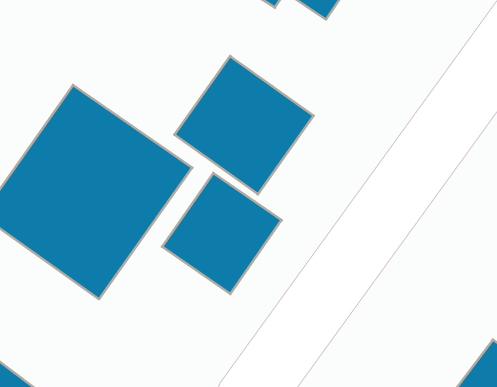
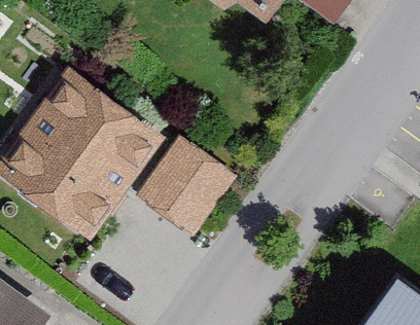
building: [174,56,314,194] -> none

